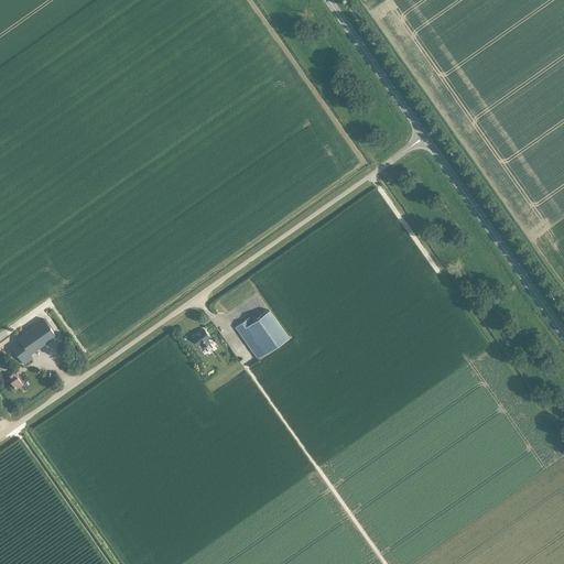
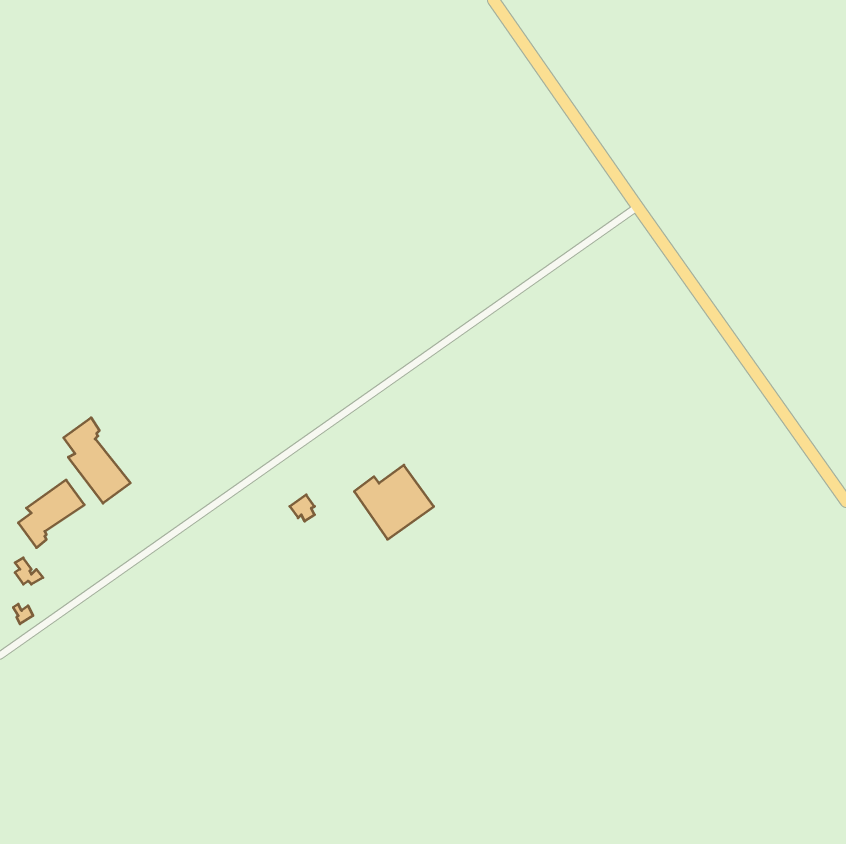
building: none -> [64,418,130,503]

